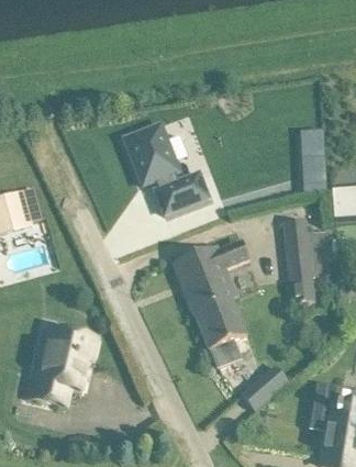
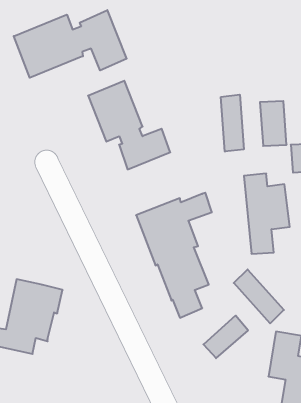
building: none -> [14,10,127,78]
building: none -> [221,95,244,152]
building: none -> [234,269,284,323]

